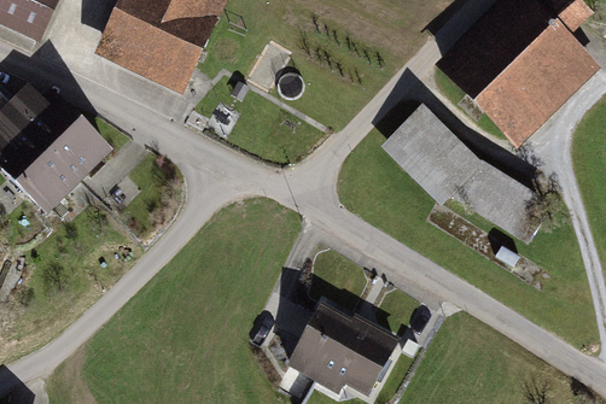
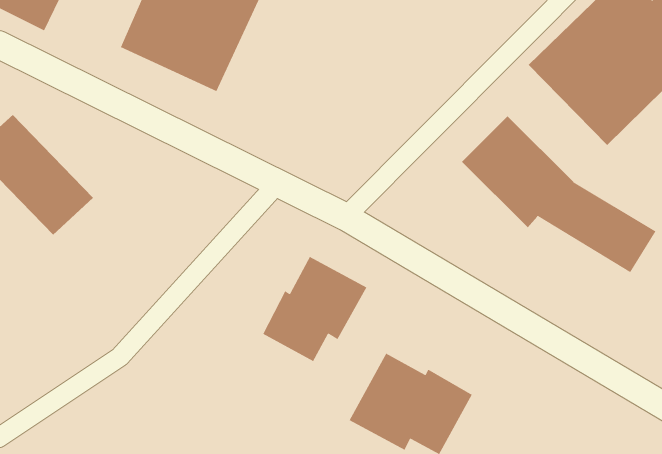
building: [12,93,106,178] -> none
building: none -> [262,256,367,362]

